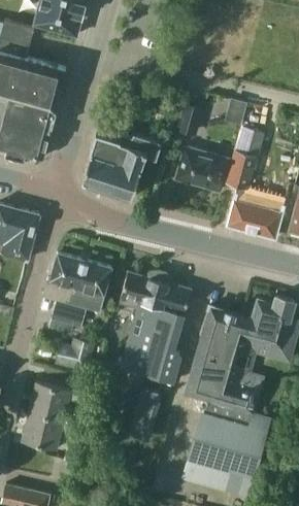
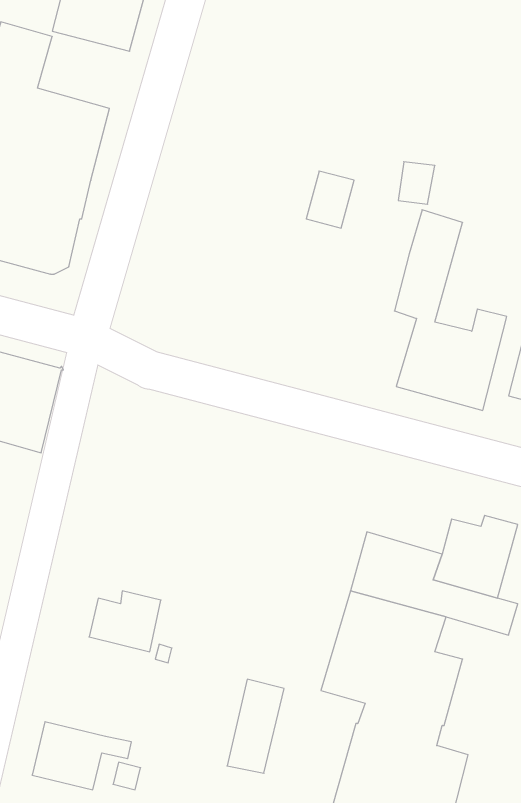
building: [81,125,161,197] -> none
building: [174,147,228,192] -> none
building: [42,254,111,327] -> none
building: [119,271,191,383] -> none
building: [29,383,85,420] -> none

